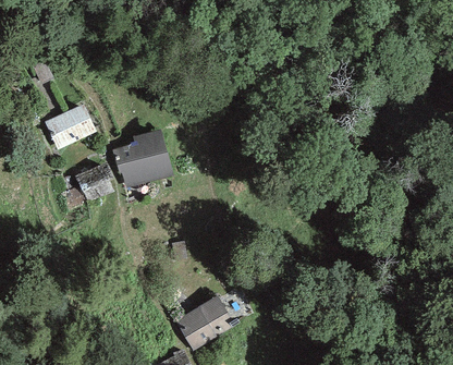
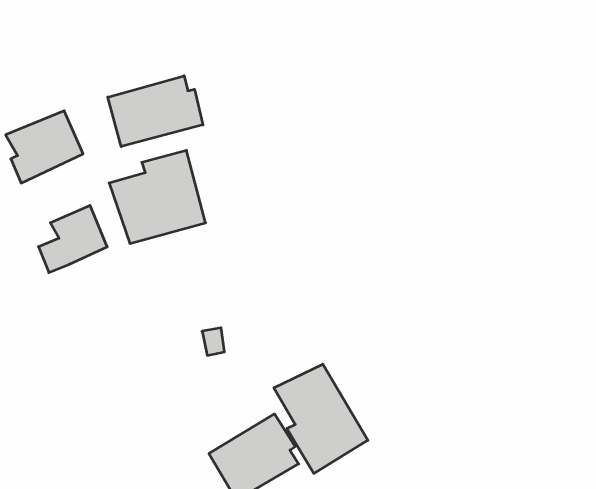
building: none -> [108,76,203,147]
building: none -> [274,364,368,473]

